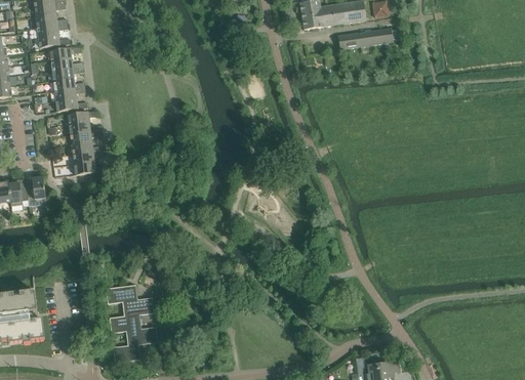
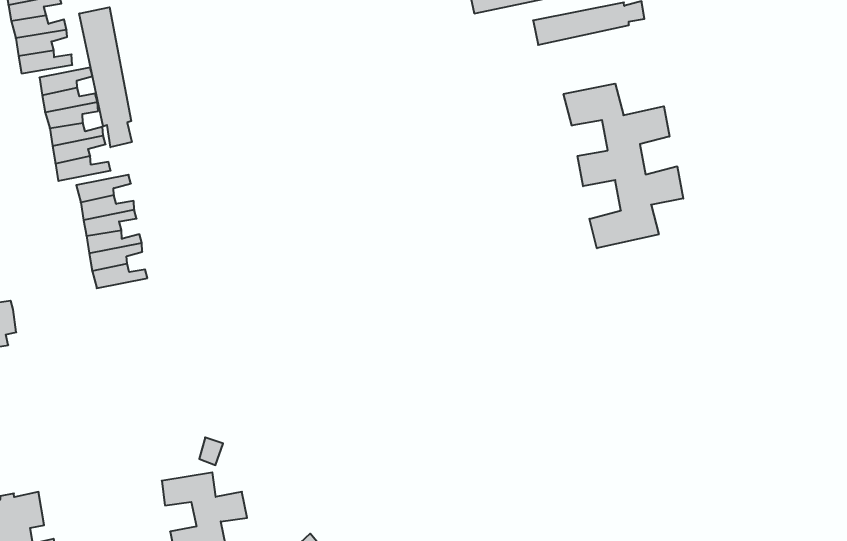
building: none -> [79,7,132,147]
building: none -> [564,84,683,248]
building: [25,175,45,205] -> none

